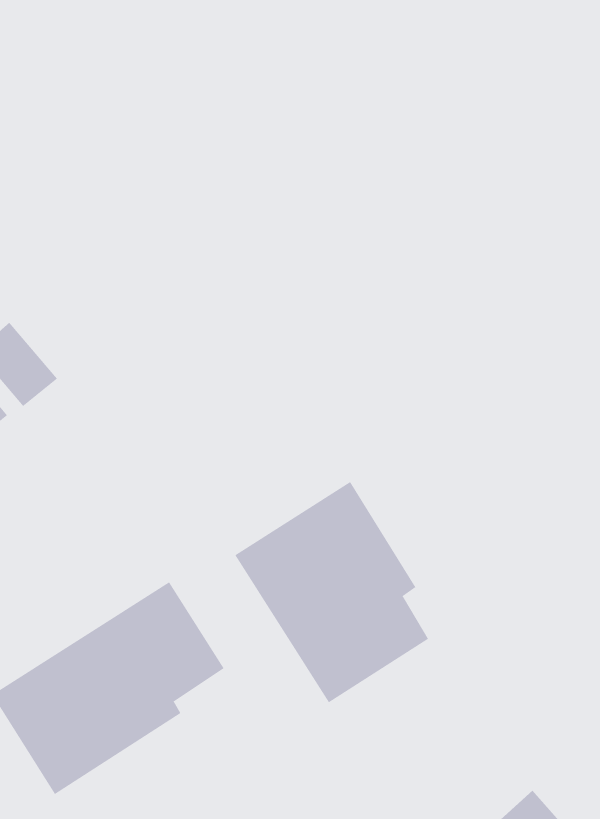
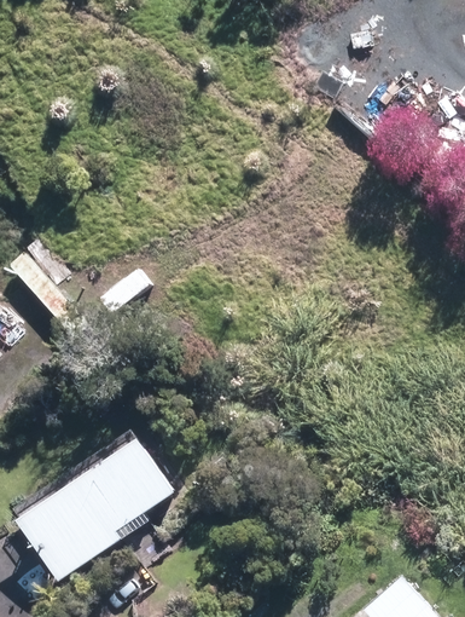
building: [235,481,429,703] -> none

